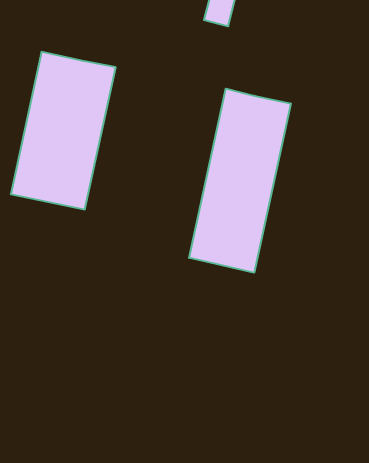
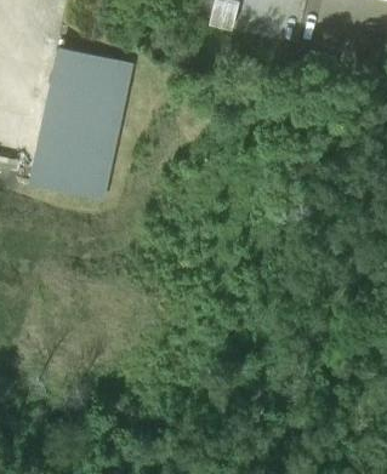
building: [189,89,291,273] -> none

